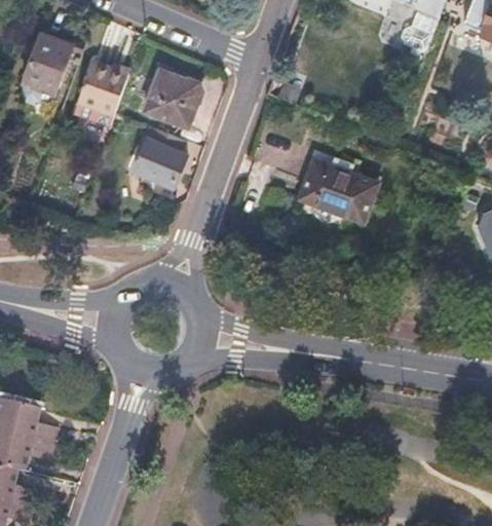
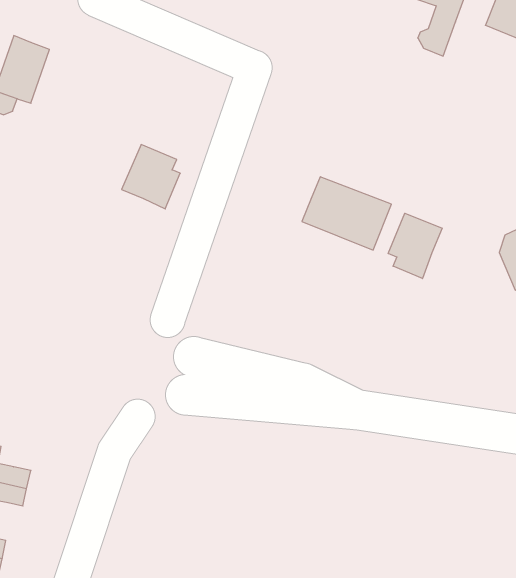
building: [72,61,128,127] -> none
building: [145,71,200,127] -> none
building: none -> [388,213,442,279]

